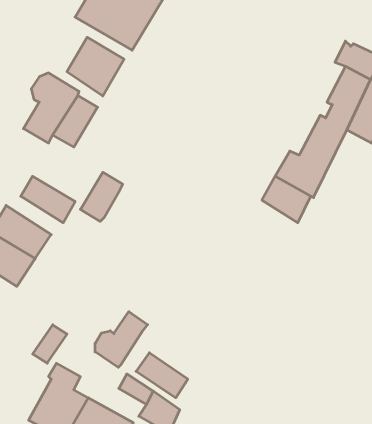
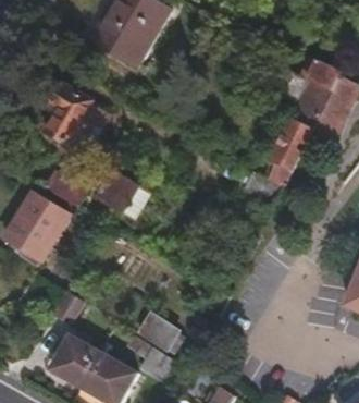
building: [67,37,124,96] -> none
building: [95,312,148,367] -> none

